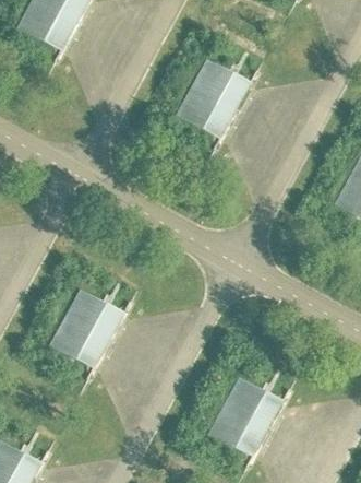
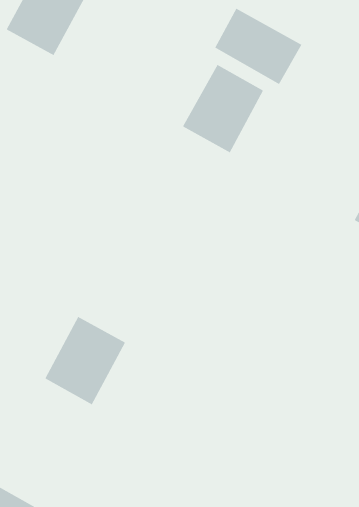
building: none -> [214,8,302,85]
building: [207,375,280,455] -> none

